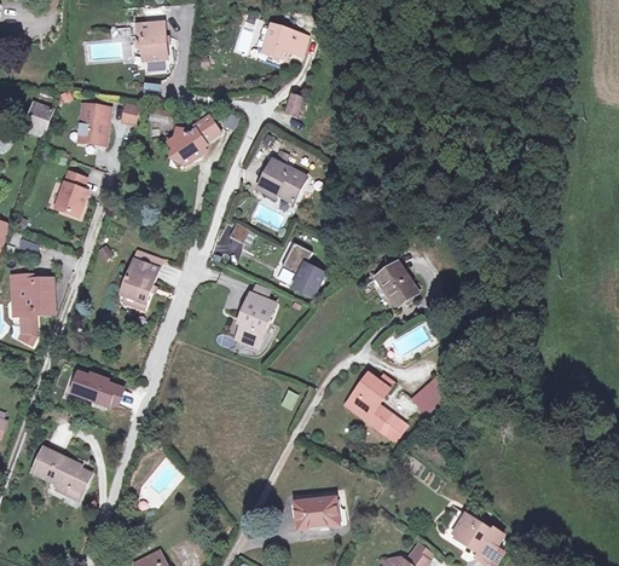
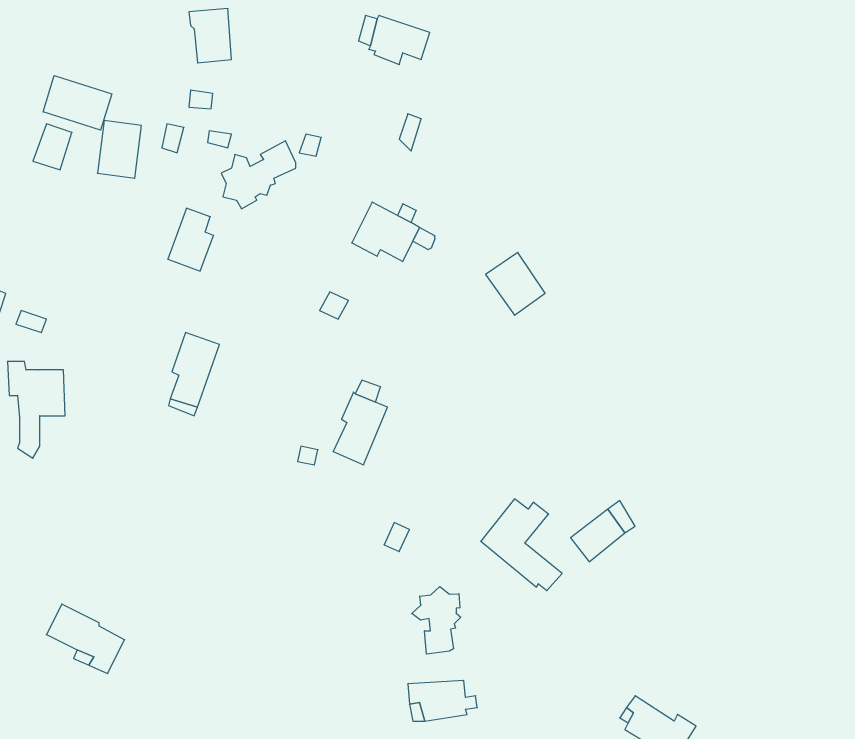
building: none -> [43,76,112,130]
building: [52,171,85,215] -> [168,208,214,271]
building: [284,243,326,296] -> none
building: [371,261,413,306] -> [486,252,545,315]
building: [75,374,125,405] -> none
building: none -> [412,587,461,654]

